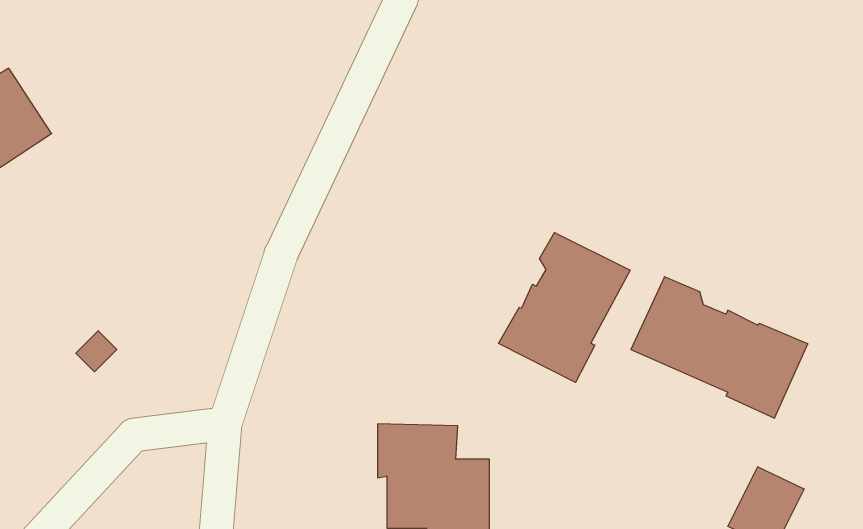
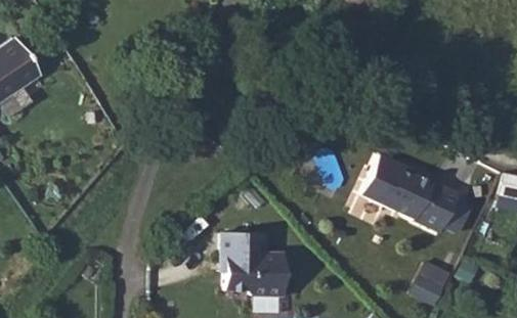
building: [499,232,630,382] -> none

